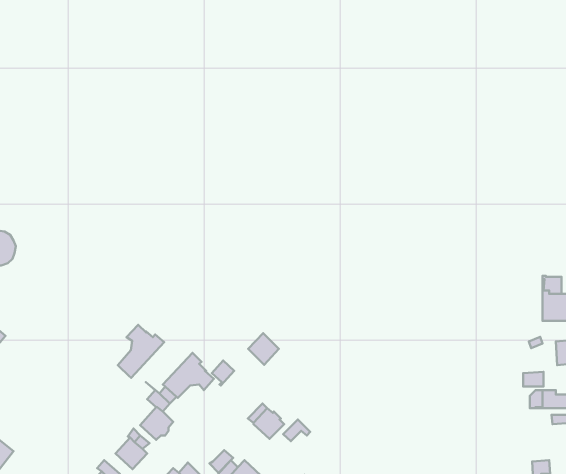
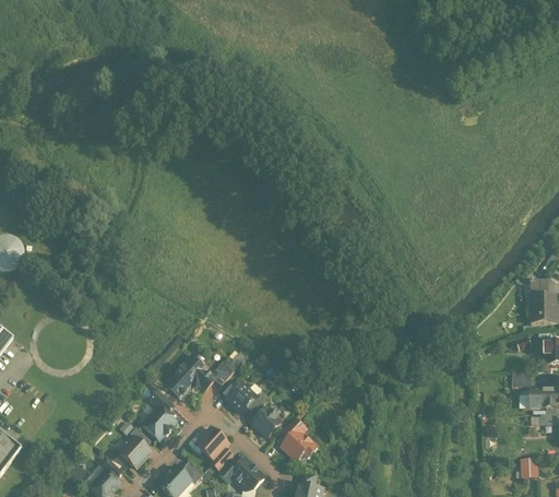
building: [118,325,164,378] -> none
building: [248,333,279,365] -> [225,382,254,413]
building: none -> [194,427,227,459]
building: none -> [282,429,316,460]

